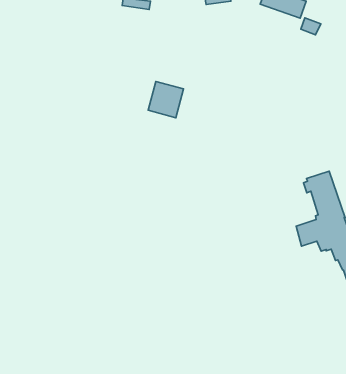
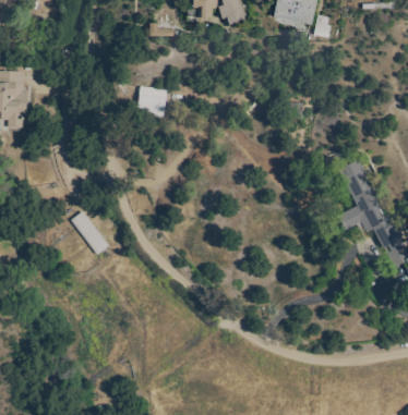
building: [148,81,184,118] -> [137,86,167,117]
building: none -> [71,211,109,255]

